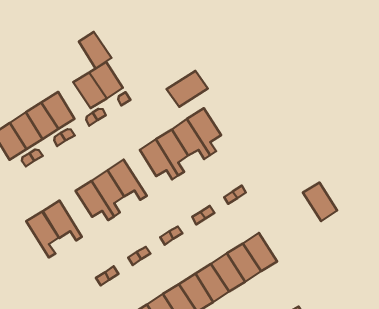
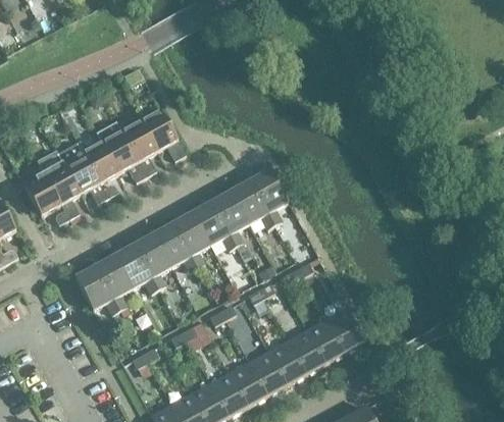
building: [79,32,111,69] -> [102,129,139,172]
building: [167,71,208,107] -> none
building: none -> [173,213,210,267]
building: [303,183,337,221] -> [325,308,364,353]
building: [26,211,59,257] -> [96,256,133,310]

